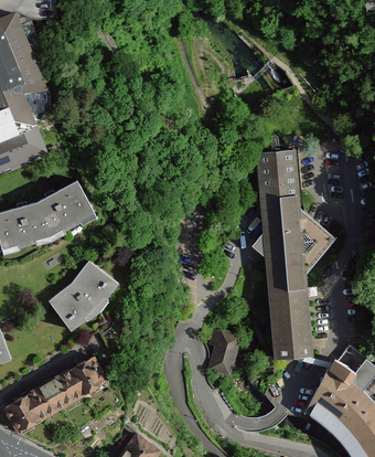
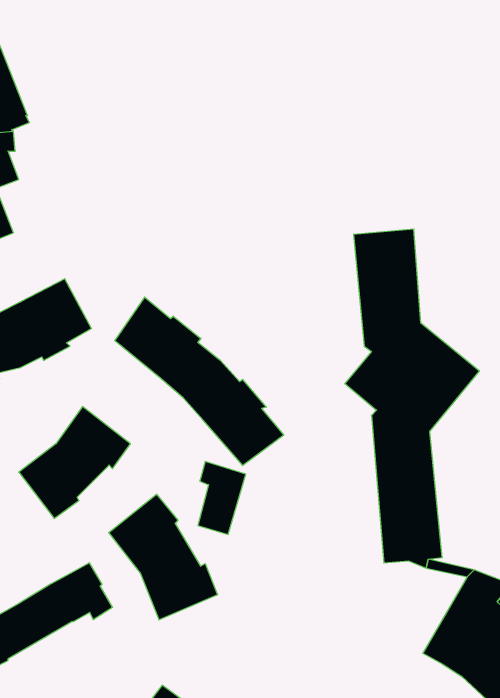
building: none -> [115,297,284,466]
building: none -> [109,494,217,620]
building: [210,329,239,374] -> [198,462,246,534]

